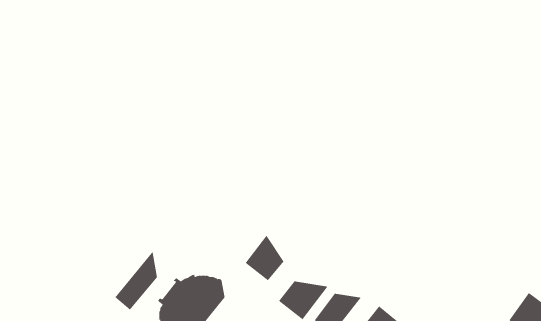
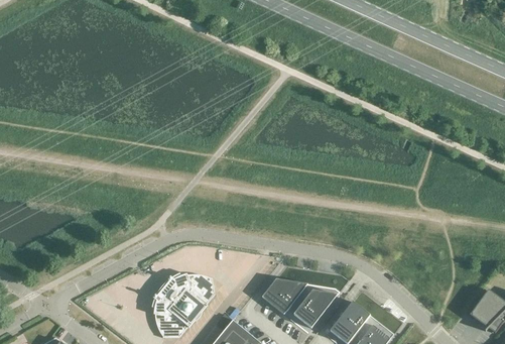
building: [245,235,284,281] -> none
building: [115,251,158,311] -> none

